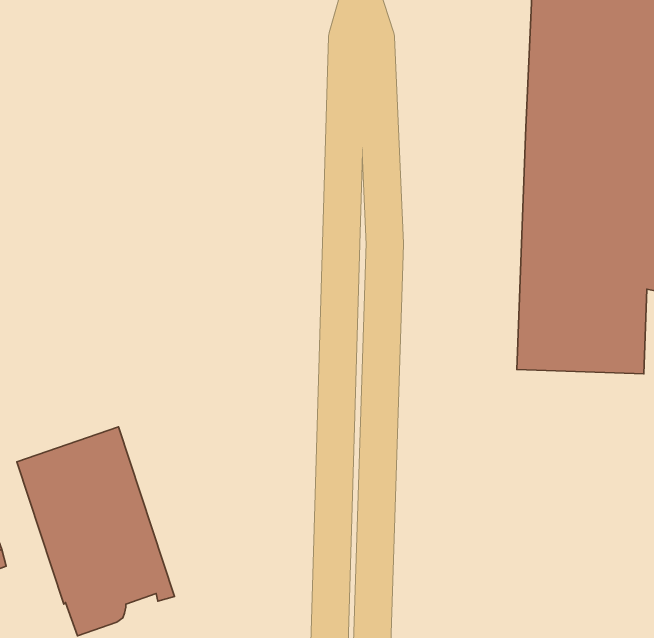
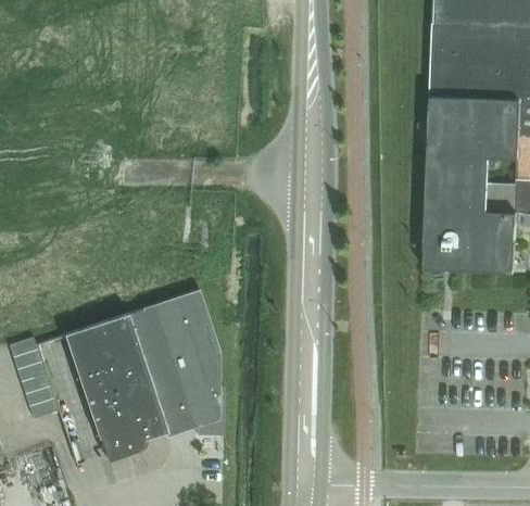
building: none -> [138,290,224,434]

